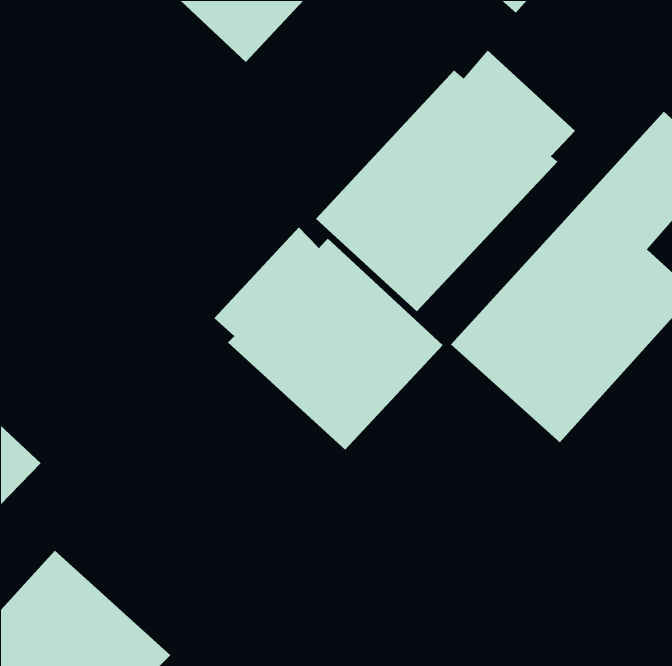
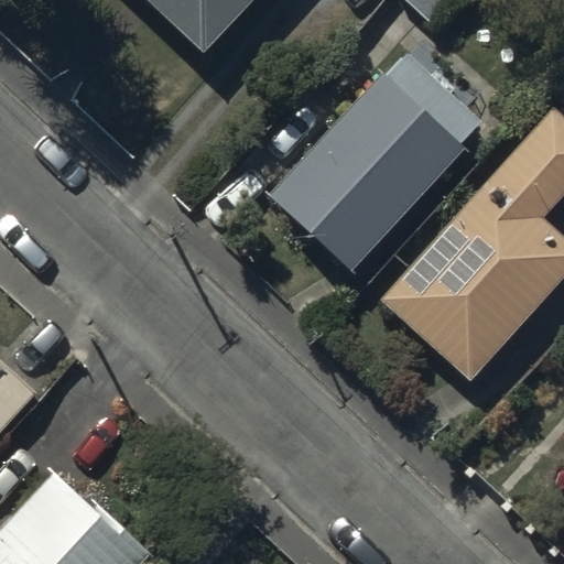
building: [214,227,443,450] -> none

